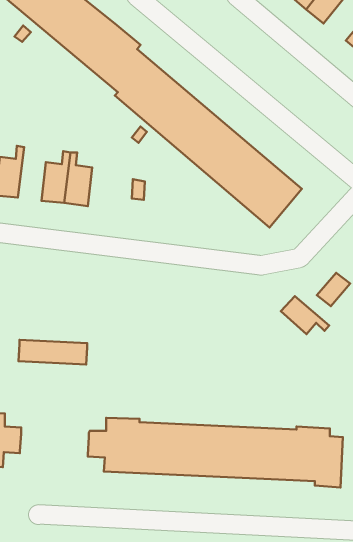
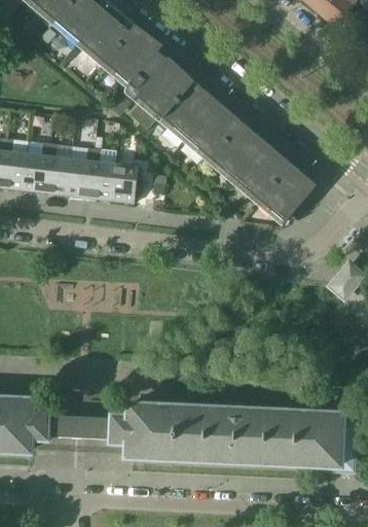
building: none -> [44,144,71,196]
building: none -> [111,164,144,204]
building: [281,296,329,334] -> none
building: [18,340,87,365] -> [46,415,112,438]

